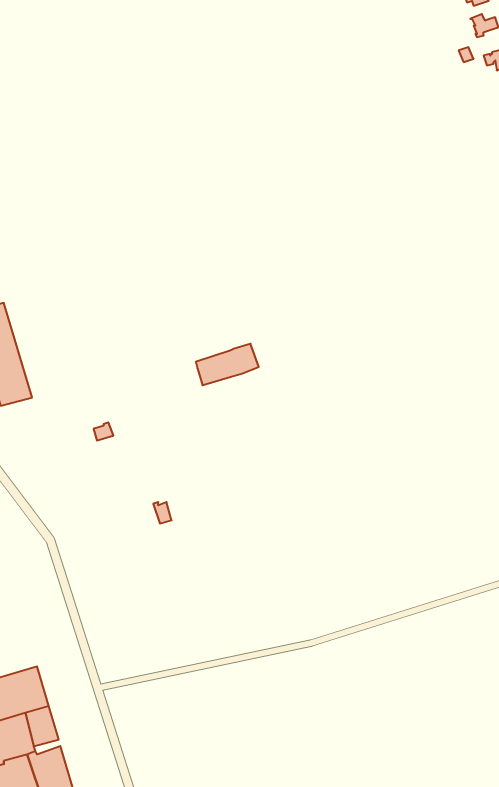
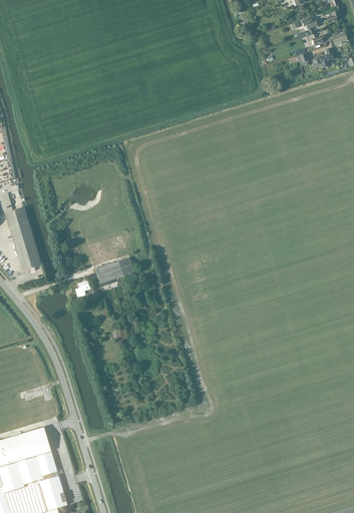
building: [196,344,259,385] -> [94,259,132,284]

